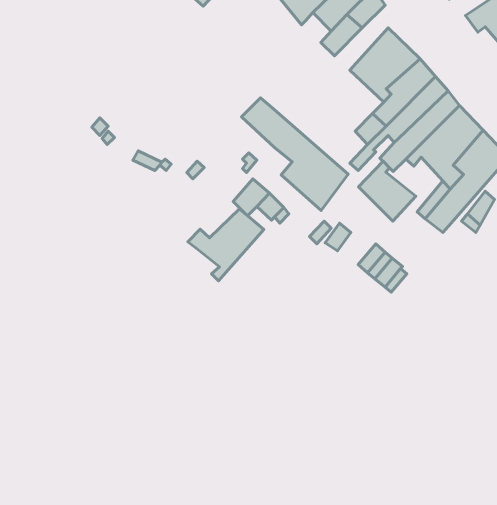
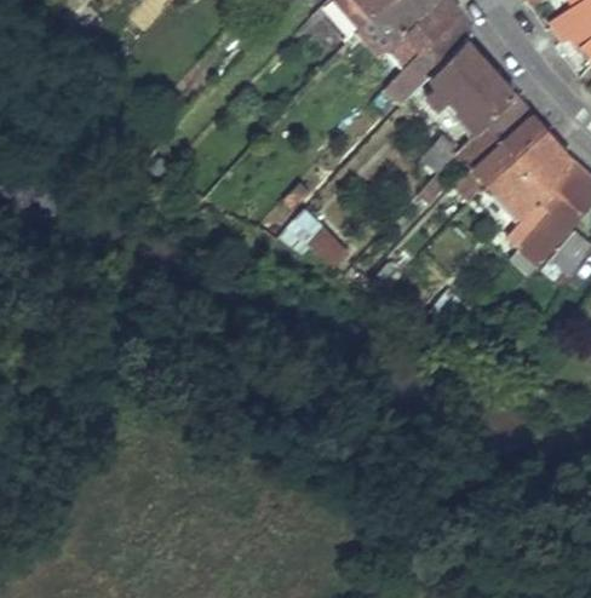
building: none -> [384,8,467,99]
building: [242,98,348,211] -> none
building: [359,161,416,221] -> none
building: [188,209,264,281] -> none

